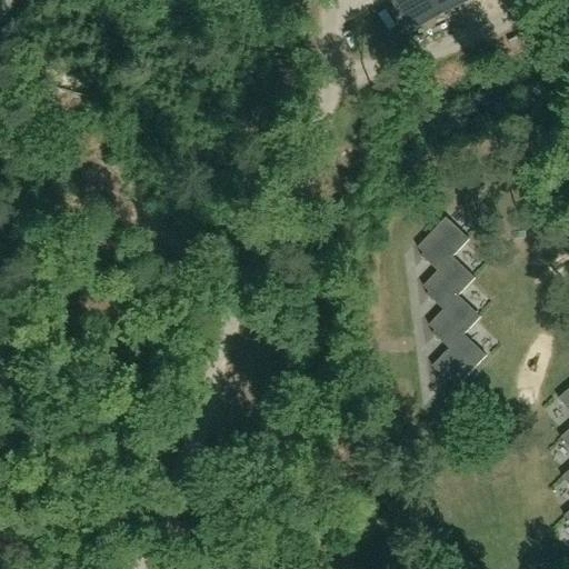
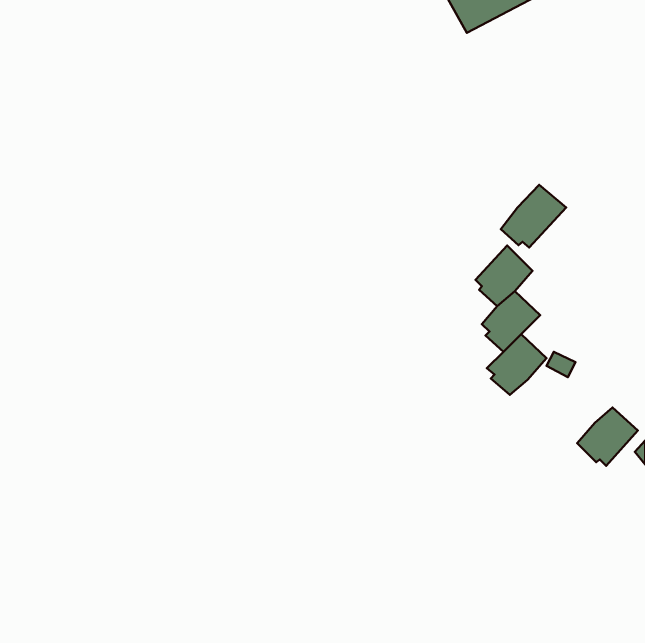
building: none -> [501,185,566,247]
building: [432,333,486,385] -> [577,408,638,466]

